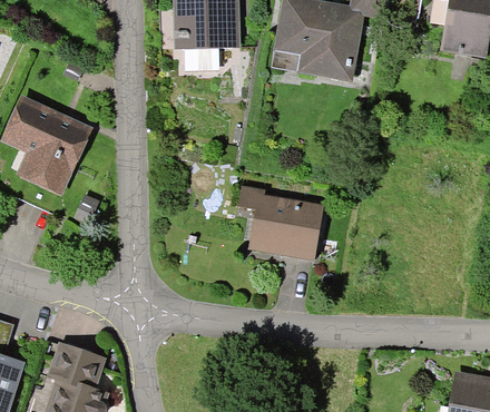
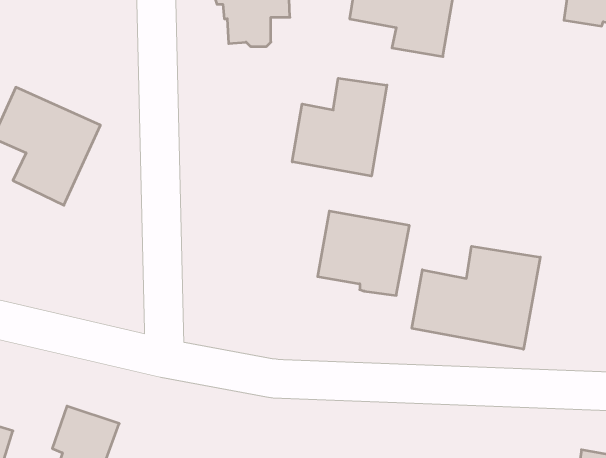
building: none -> [292,78,387,176]
building: none -> [412,246,540,349]

